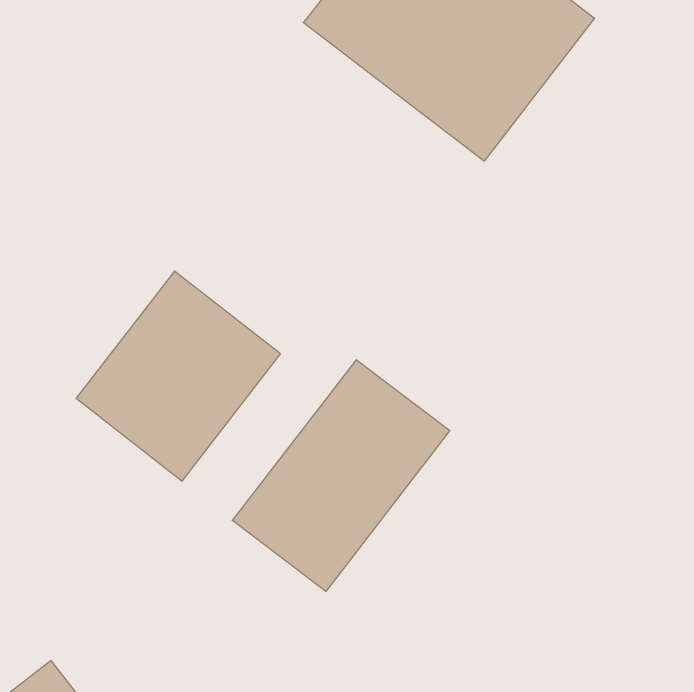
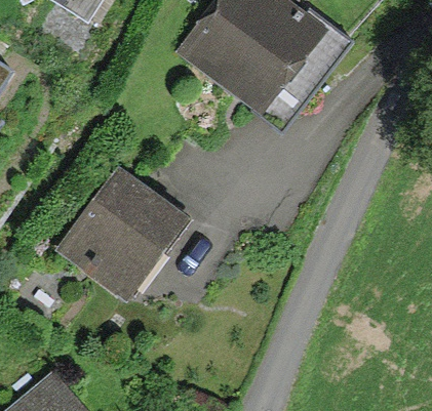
building: [232,360,450,591] -> none

